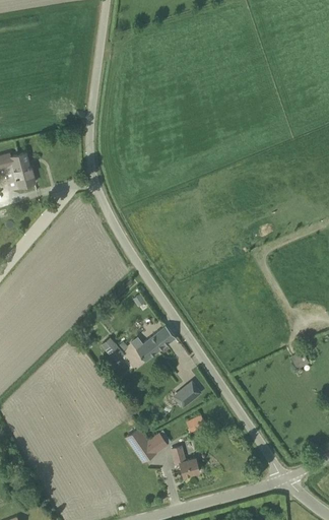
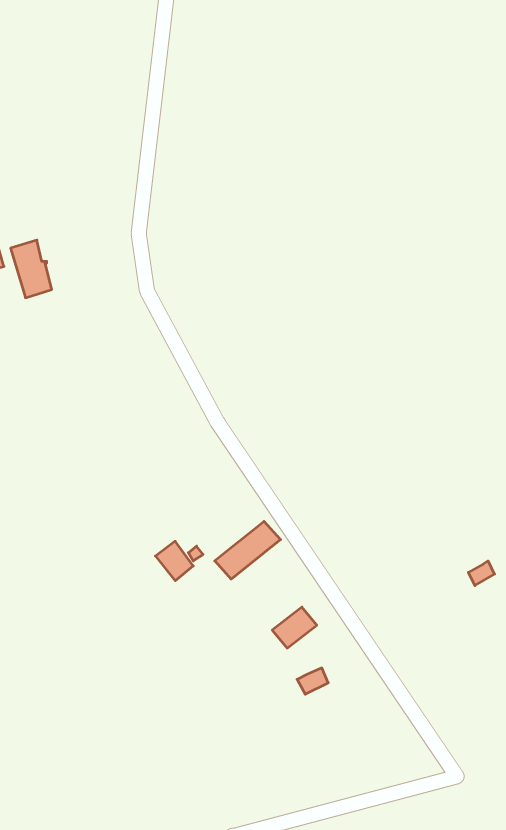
building: [125,428,168,462] -> none
building: [172,447,199,476] -> none

